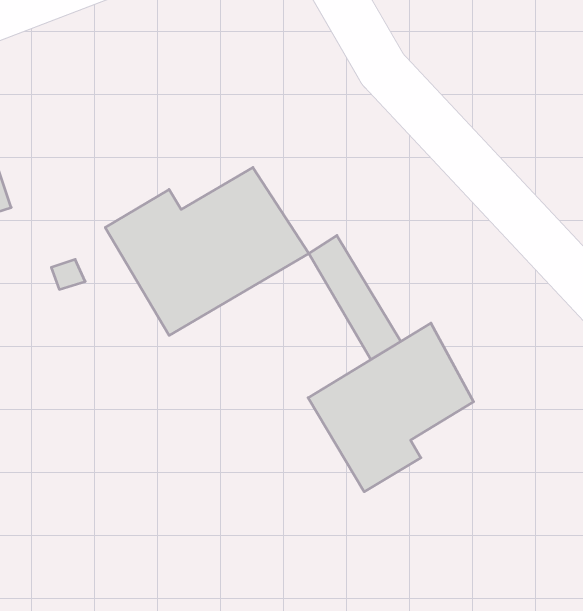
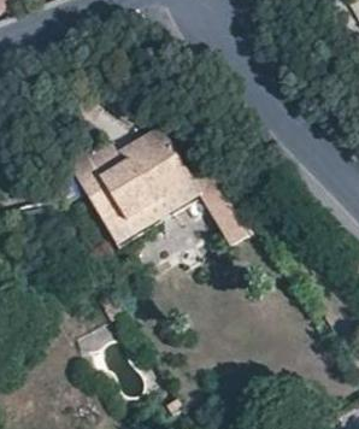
building: [308,323,474,492] -> none

